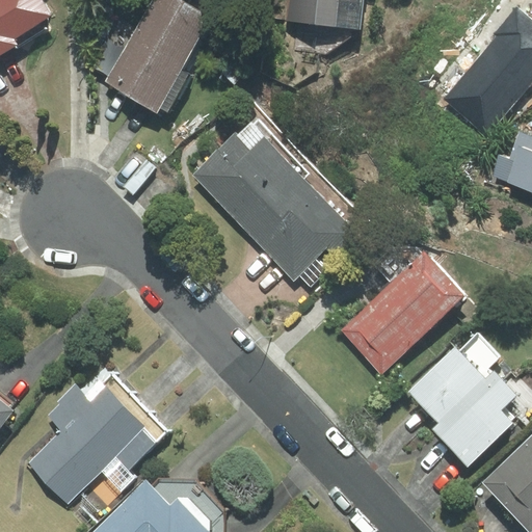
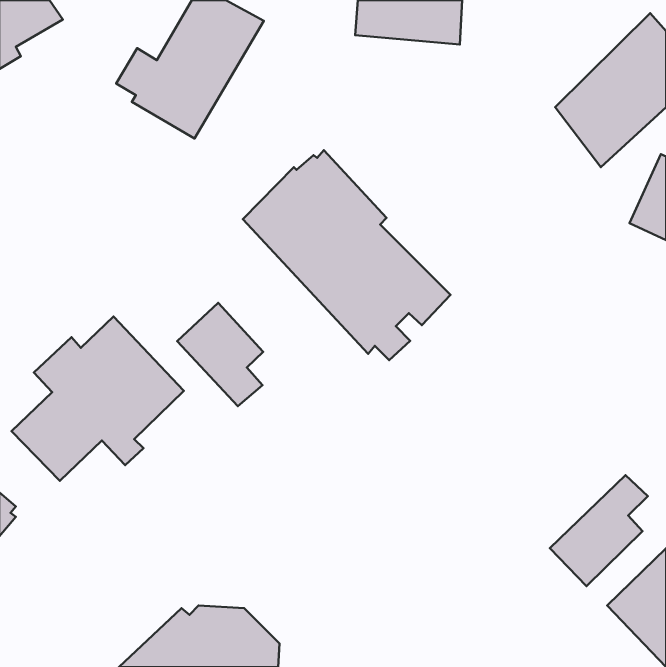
building: none -> [177,303,263,406]
building: [341,254,463,373] -> none
building: [407,336,498,436] -> none
building: [29,372,166,503] -> [12,316,184,481]

